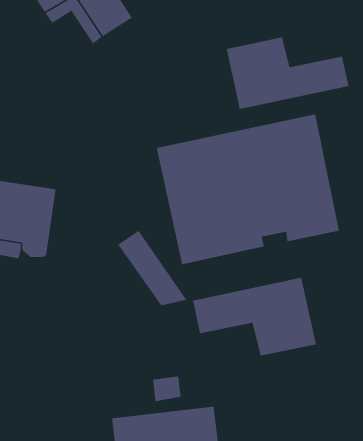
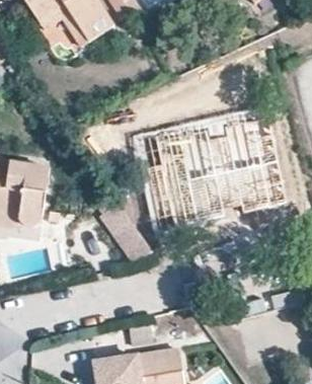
building: [226,37,349,110] -> none
building: [192,277,317,356] -> none

